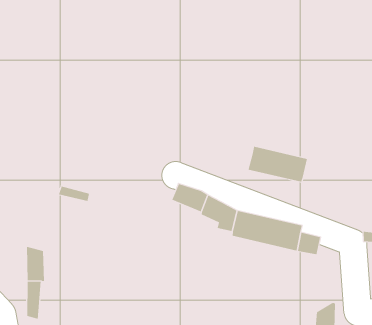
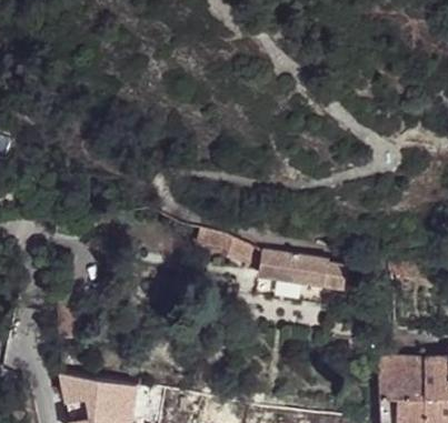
building: [248,146,308,182] -> none

